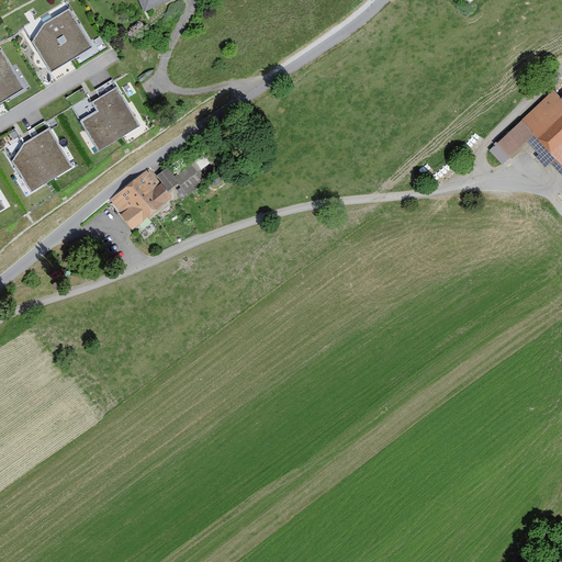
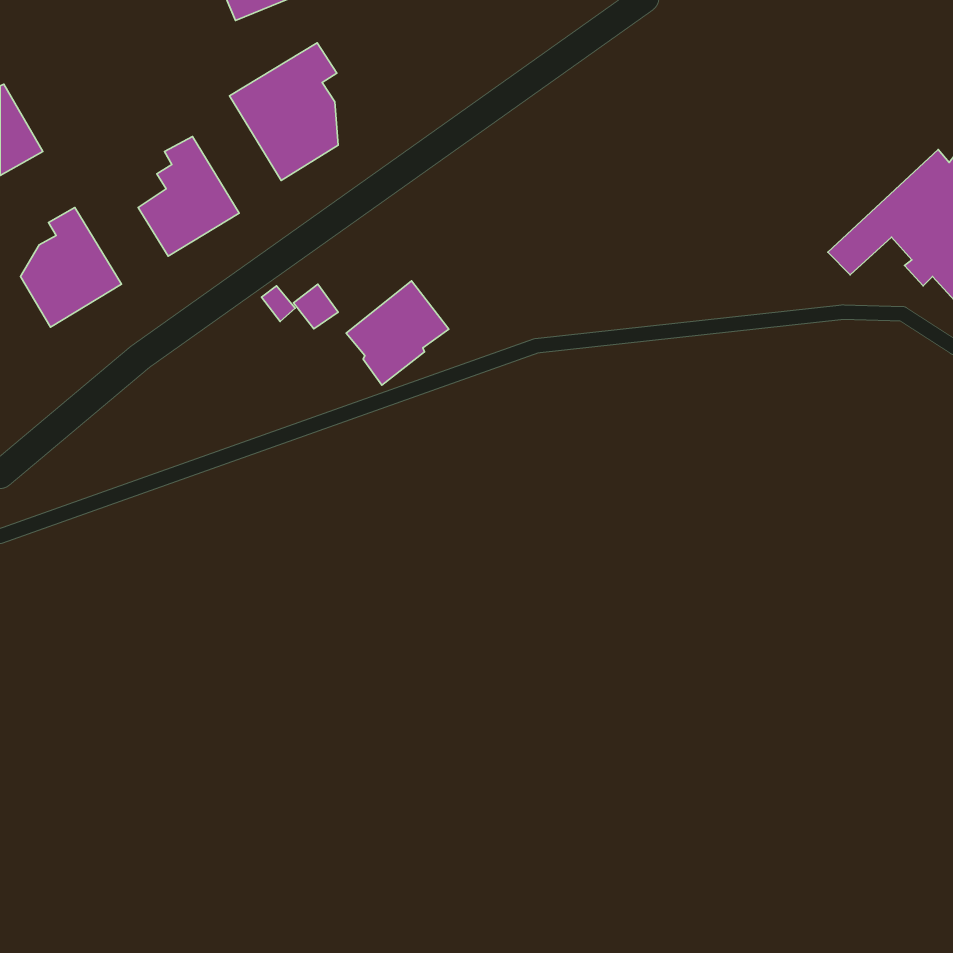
building: [35,8,93,71] -> none
building: none -> [230,43,338,181]
building: [108,168,168,229] -> [346,281,449,385]

